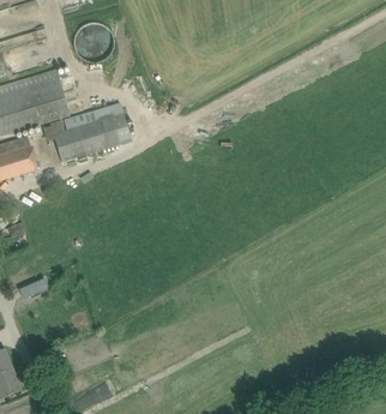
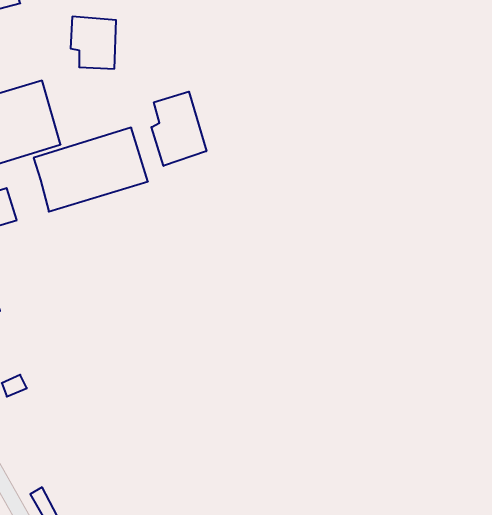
building: none -> [151,92,206,166]

